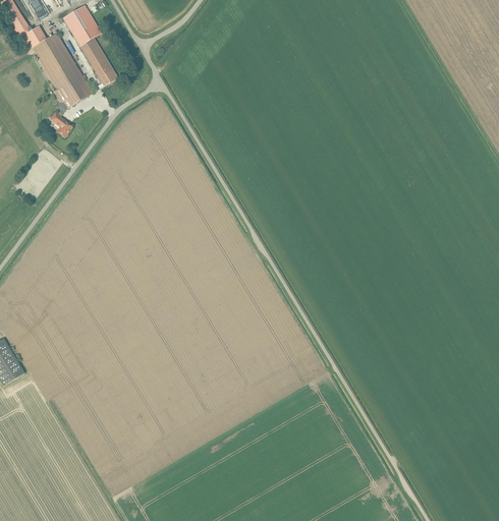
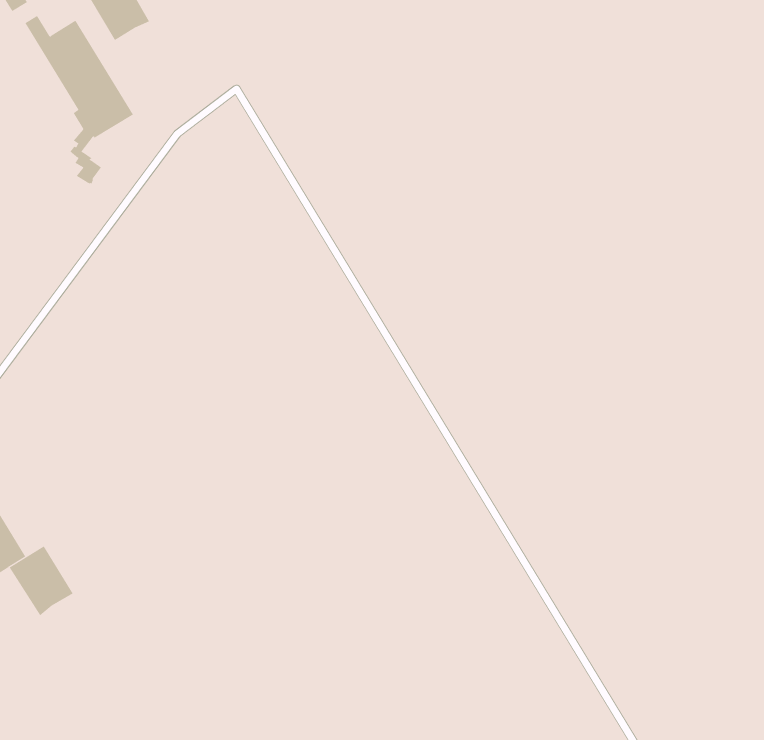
building: [80,38,118,85] -> none
building: none -> [9,546,73,616]

